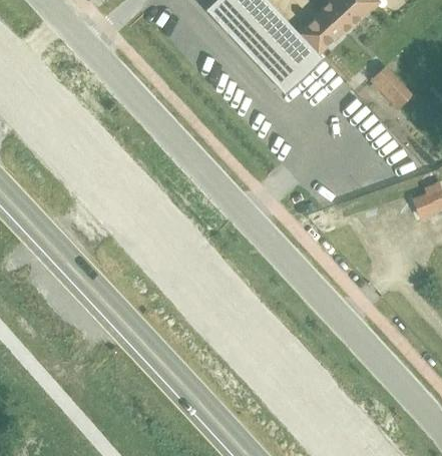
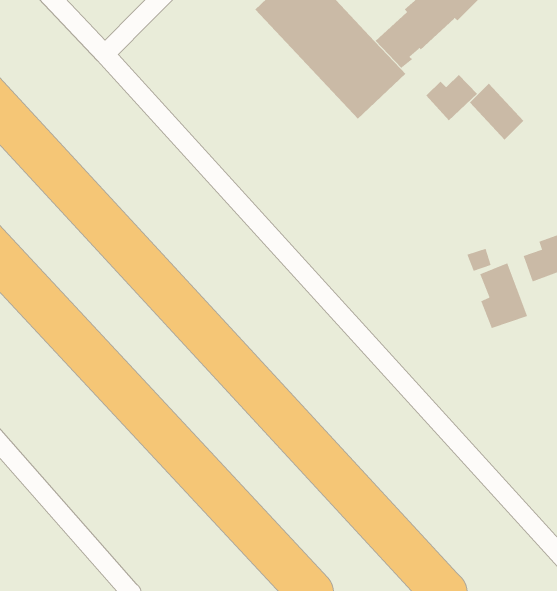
building: none -> [425,74,478,121]
building: none -> [480,263,528,329]

